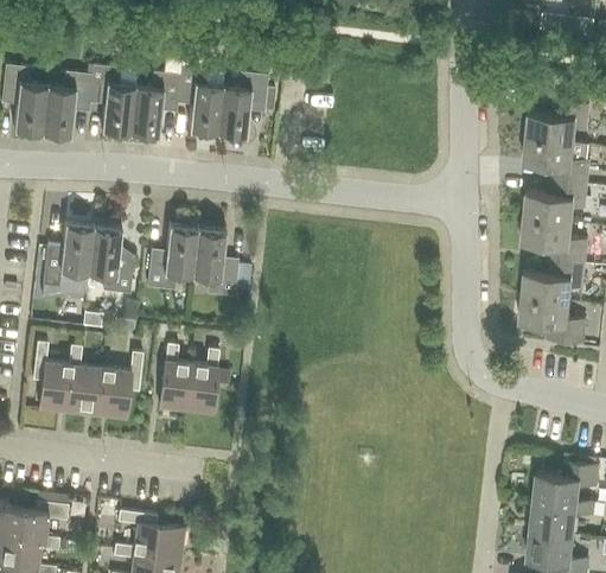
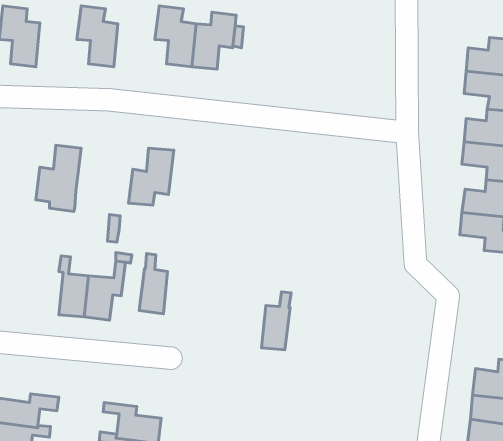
building: [43,72,93,136] -> none
building: [130,72,180,136] -> none
building: [88,225,134,294] -> none
building: [192,228,238,297] -> none
building: [33,342,74,413] -> none
building: [186,349,219,414] -> [262,292,291,350]

